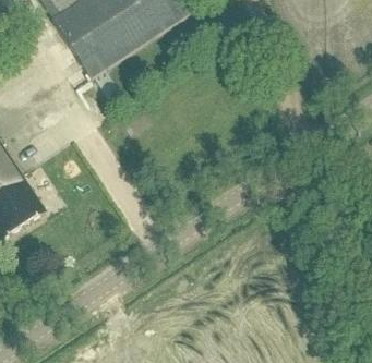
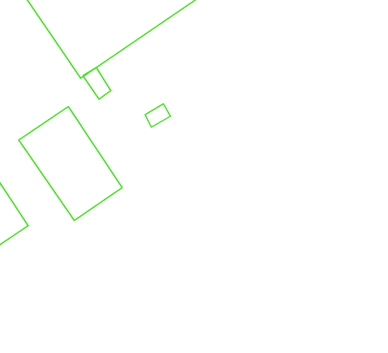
building: none -> [19,107,122,220]

